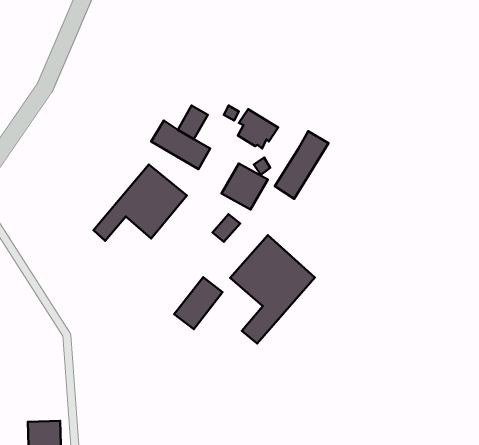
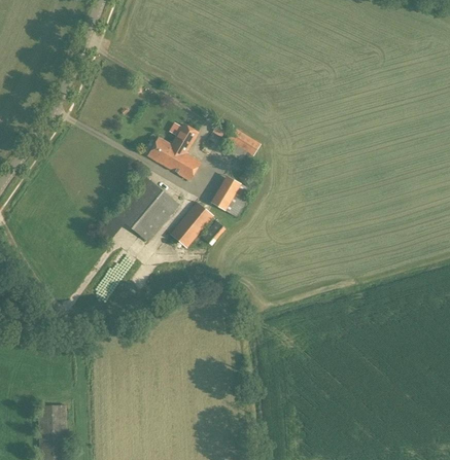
building: [275,131,329,199] -> none
building: [230,235,315,344] -> none
building: [174,277,223,329] -> [171,202,214,248]

